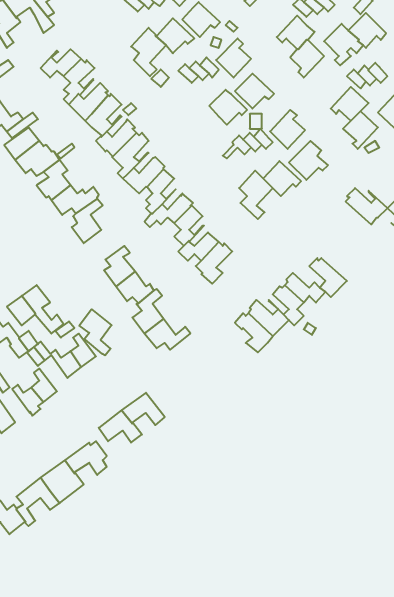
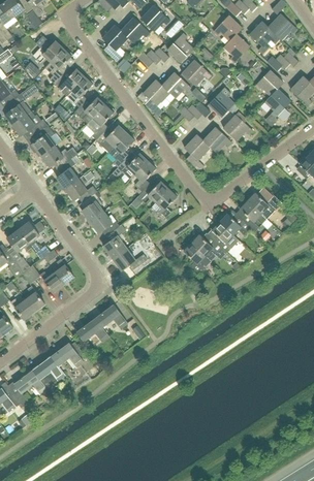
building: none -> [143,78,168,116]
building: [346,188,387,224] -> [247,190,279,218]
building: none -> [65,174,96,201]
building: [79,309,112,355] -> none

